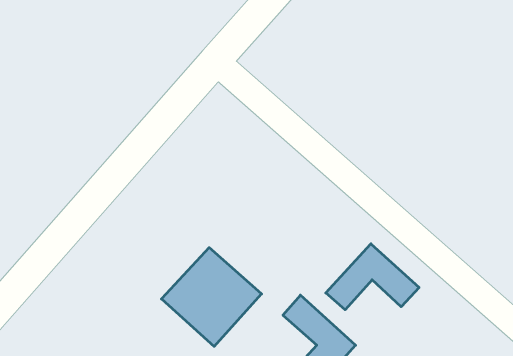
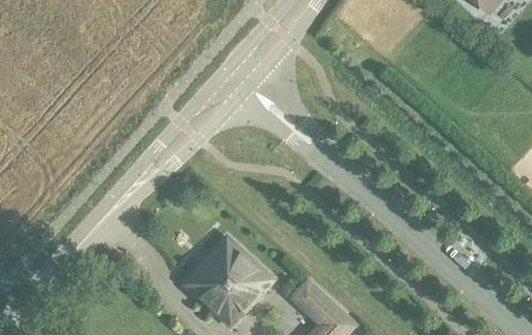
building: [326,244,419,310] -> none

